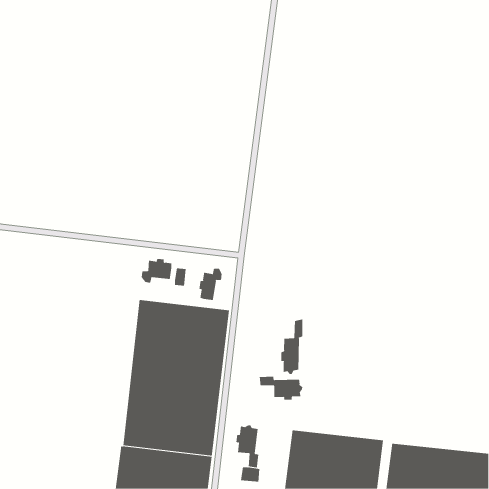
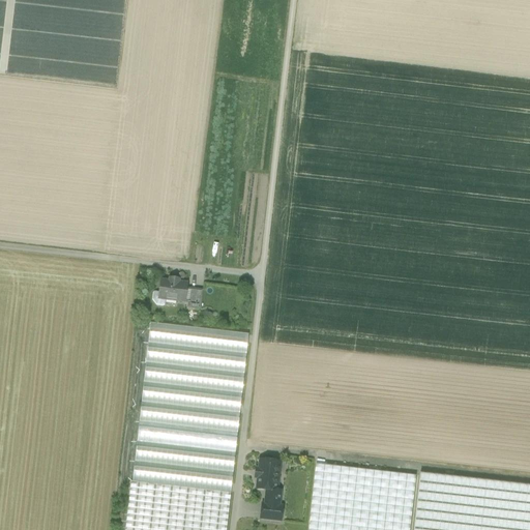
building: [199,268,222,301] -> none
building: [281,318,303,375] -> none
building: [259,376,303,401] -> none

